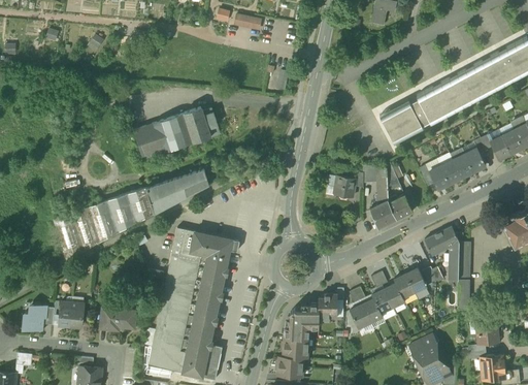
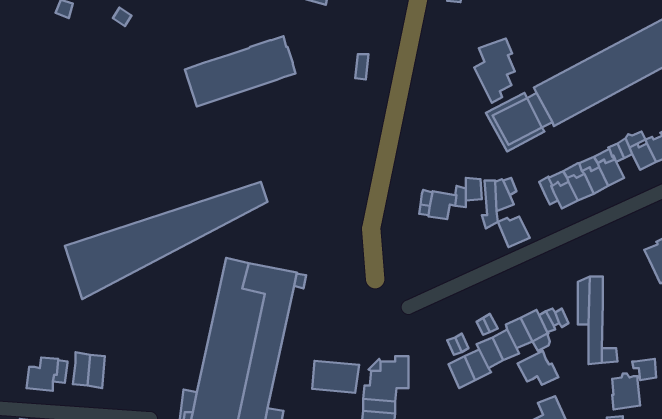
building: none -> [474,38,515,103]
building: [134,104,220,159] -> [185,36,295,107]
building: [369,199,396,228] -> none
building: [424,226,459,255] -> none
building: [319,293,337,321] -> none
building: none -> [518,351,558,385]
building: none -> [312,361,359,393]
building: [100,308,136,330] -> none

